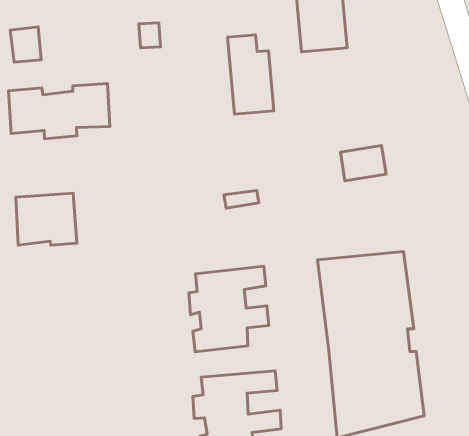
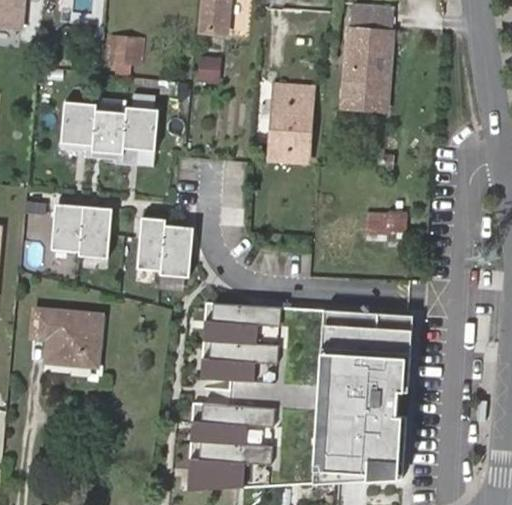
building: [10,27,41,62] -> [116,32,144,65]
building: none -> [134,218,189,276]
building: none -> [32,308,103,365]

